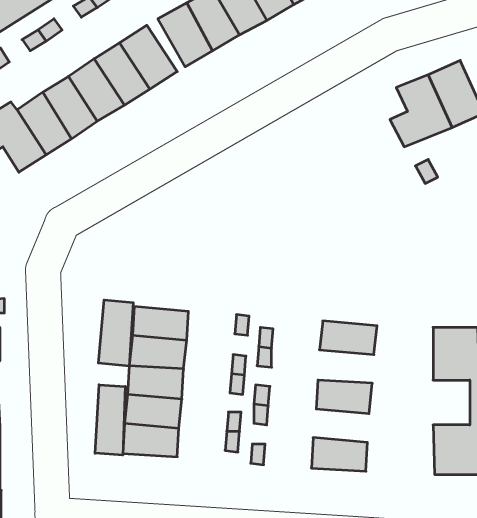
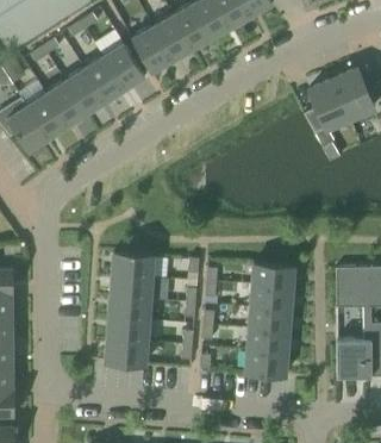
building: [98,300,133,366] -> none
building: none -> [250,285,292,310]
building: [95,385,125,455] -> none
building: none -> [246,329,288,354]

